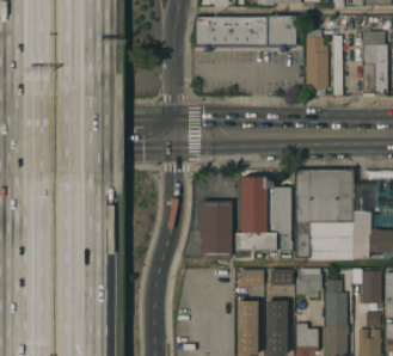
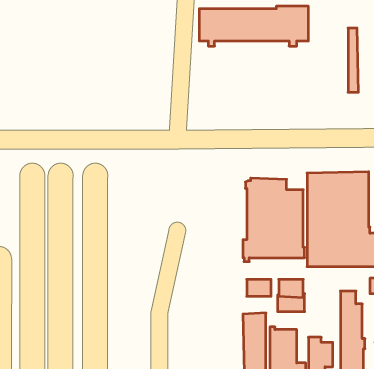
building: [306,30,327,96] -> none
building: [202,201,233,257] -> none
building: [296,268,323,294] -> none

